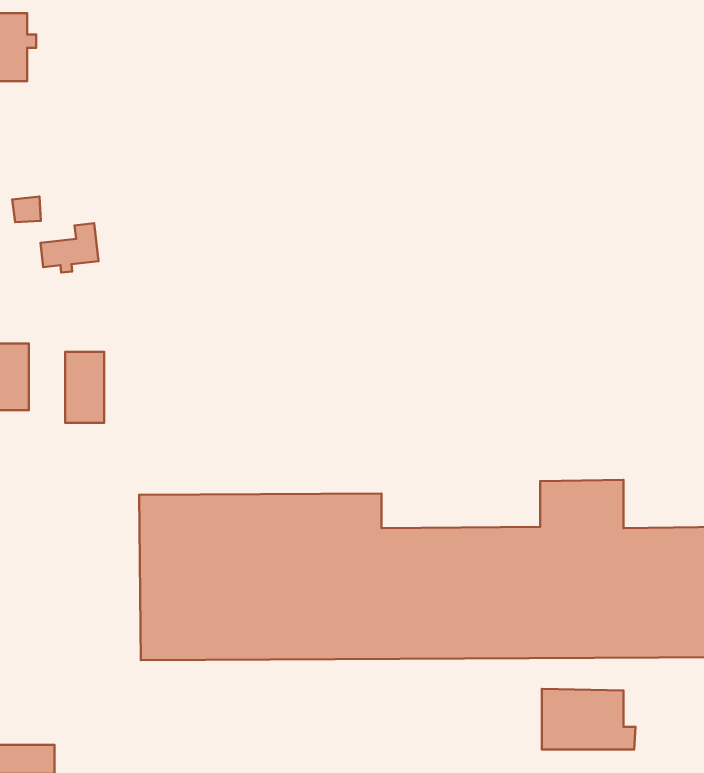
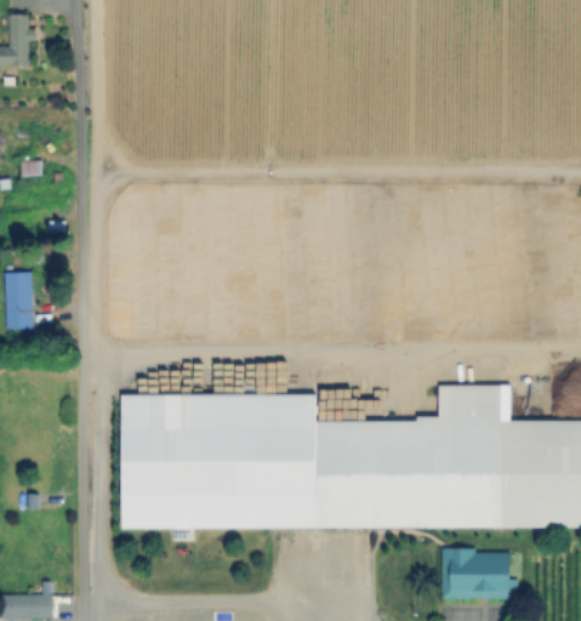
building: [41,223,98,273] -> none
building: [65,352,104,423] -> none

